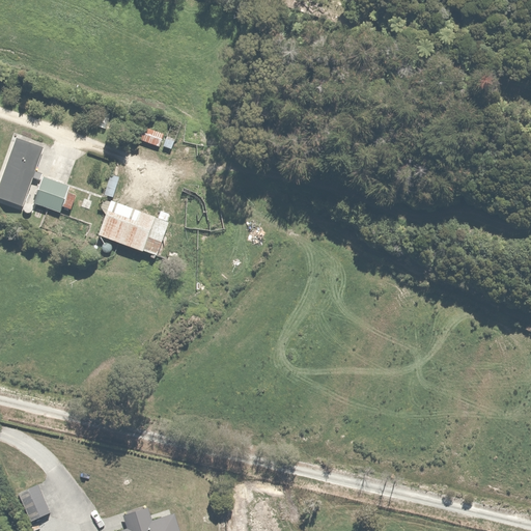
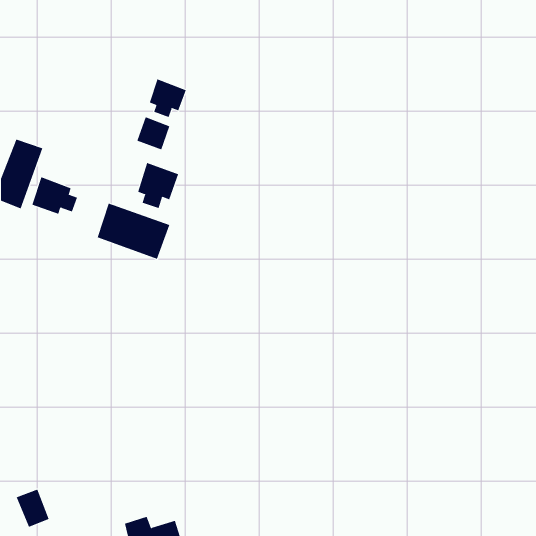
building: none -> [149,79,187,118]
building: none -> [137,162,179,209]

